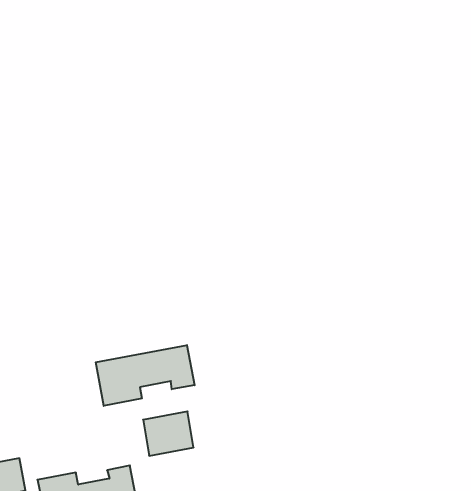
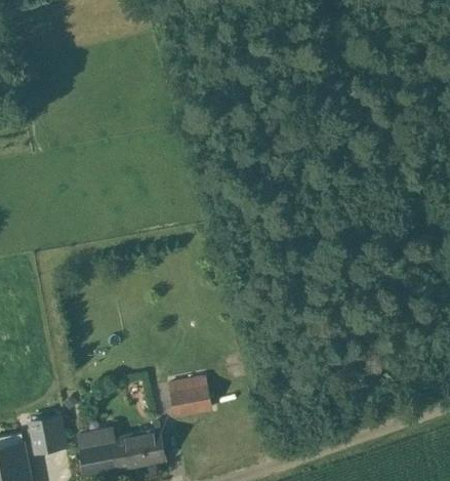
building: [96,345,195,406] -> none

